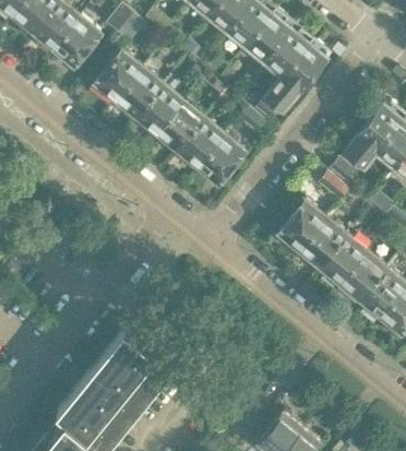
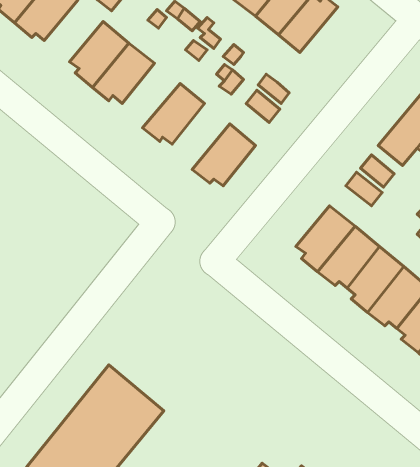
building: [265,39,327,111] -> none
building: [138,85,184,138] -> none
building: [178,118,225,171] -> none

